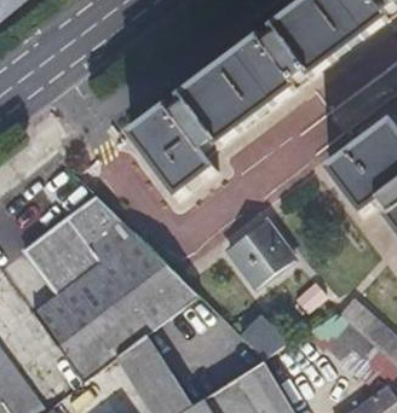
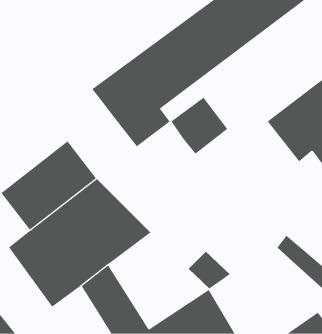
building: [228,221,293,286] -> [171,97,228,155]
building: [324,320,375,371] -> none

